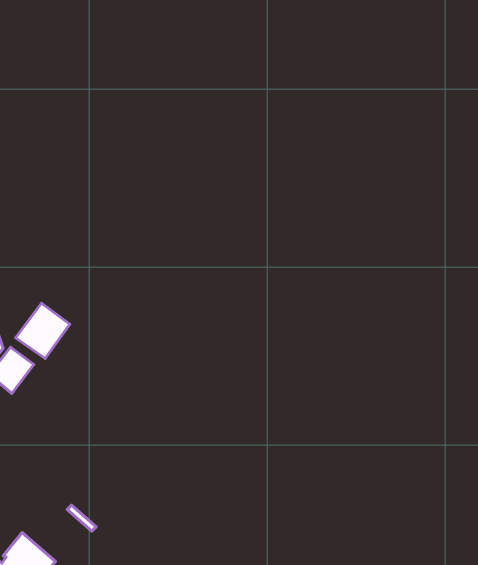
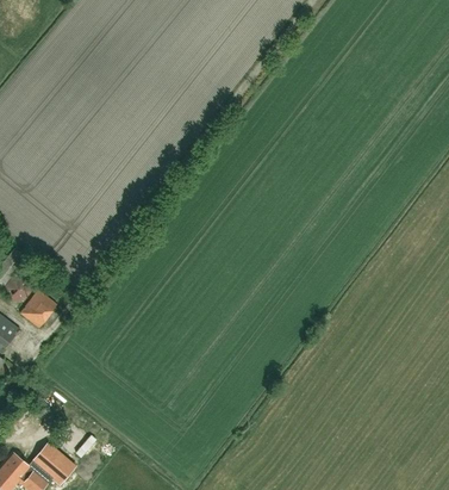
building: [15,303,70,359] -> none

